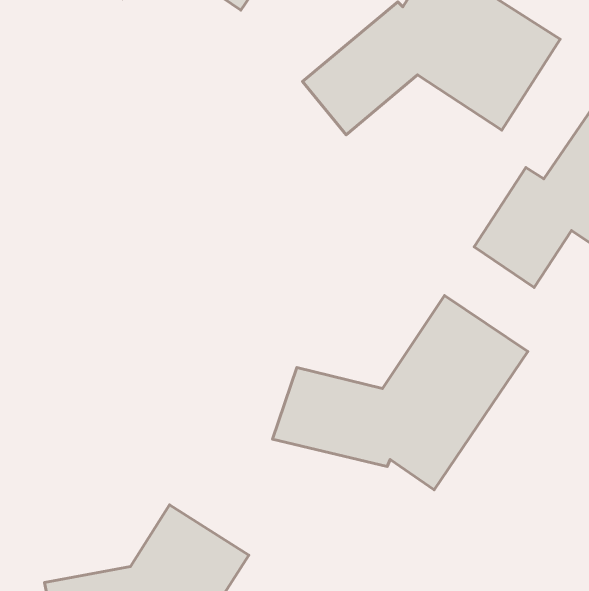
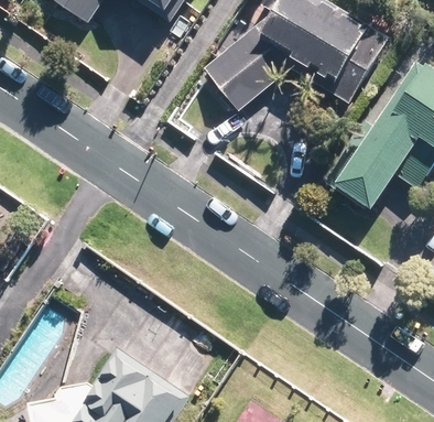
building: [272,295,528,490] -> none

